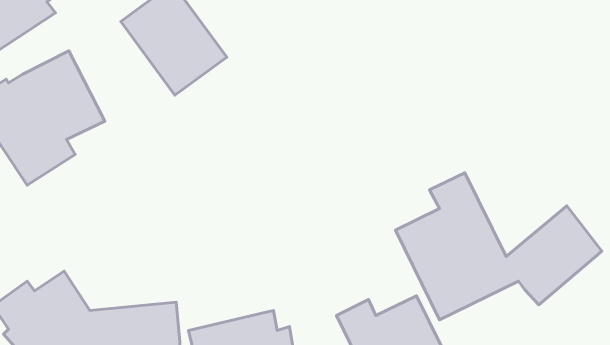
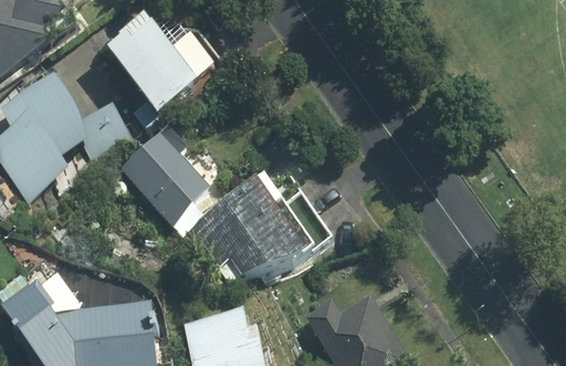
building: none -> [114,130,210,229]
building: none -> [169,170,317,283]
building: [395,173,602,320] -> none

